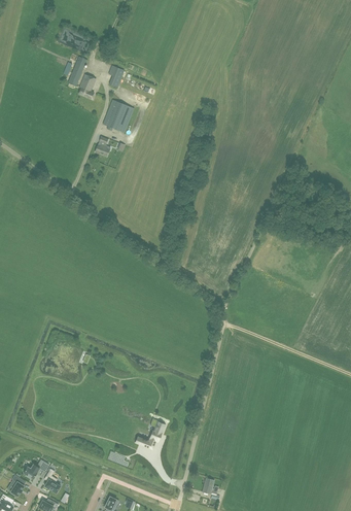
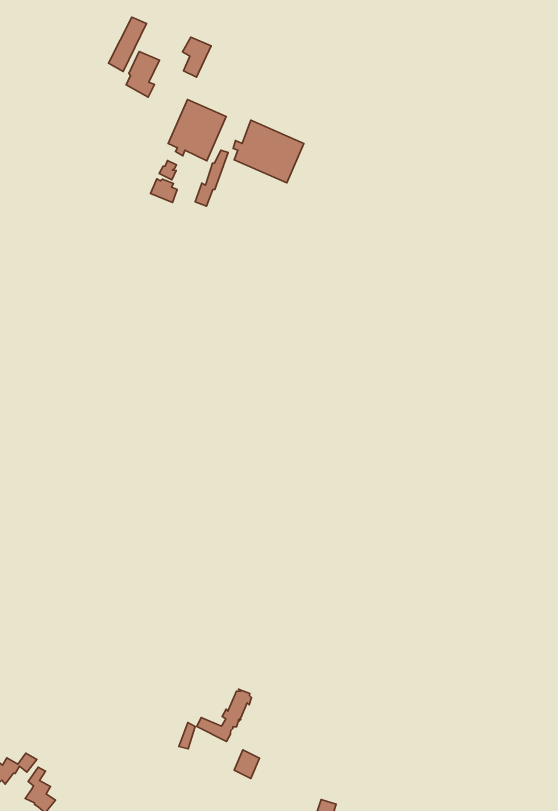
building: none -> [233,120,304,183]

